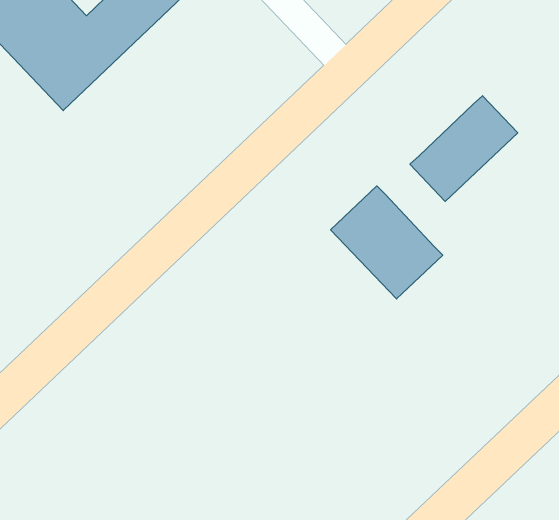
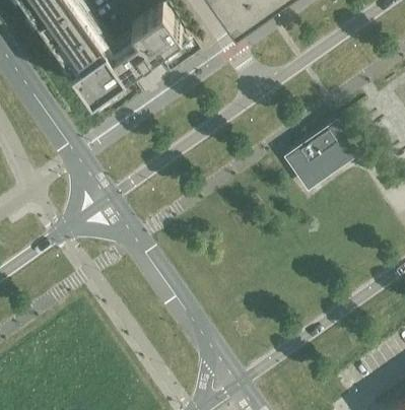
building: [331,186,443,299] -> none

